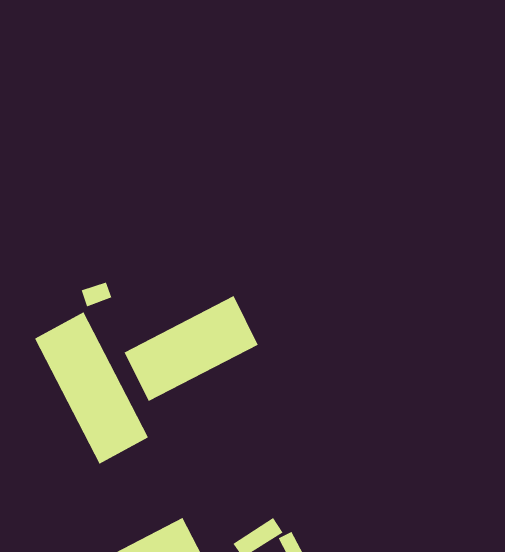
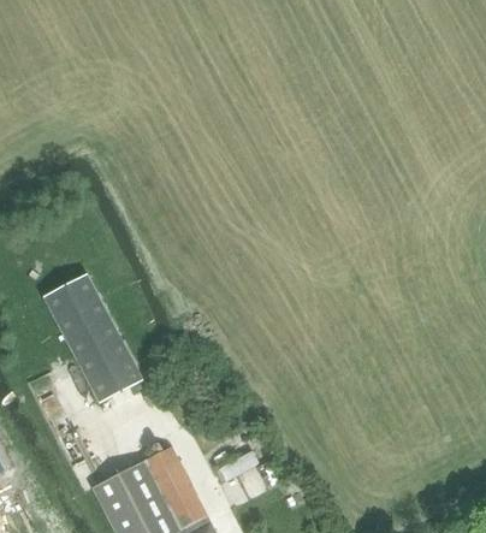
building: [124,295,259,402] -> none

